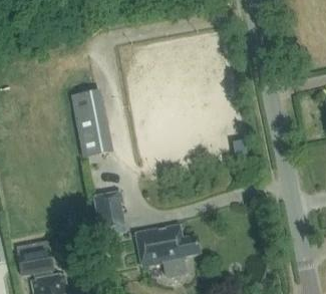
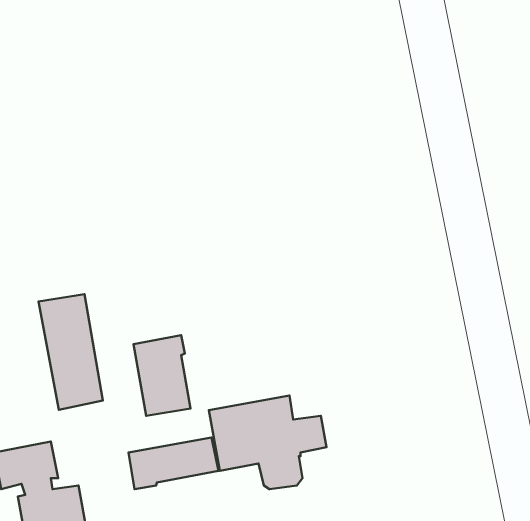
building: [72,91,107,155] -> [39,294,103,410]
building: none -> [129,437,218,489]

